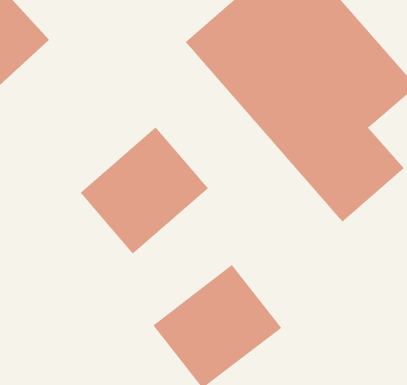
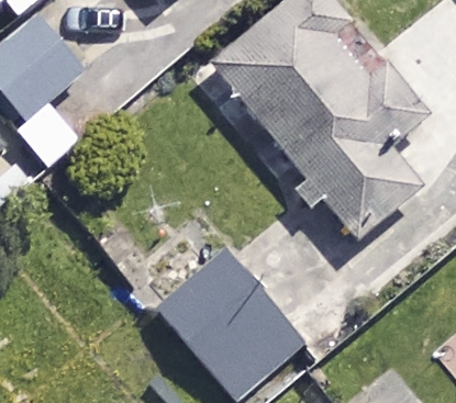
building: [80,126,209,255] -> none

